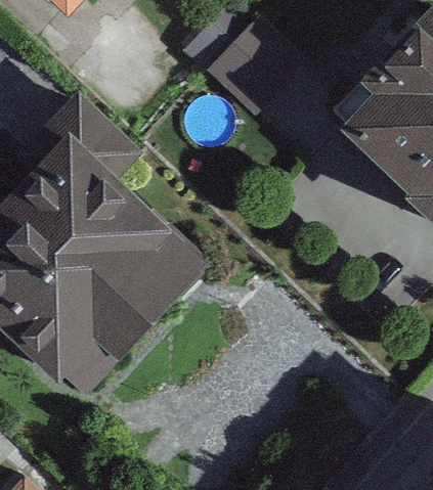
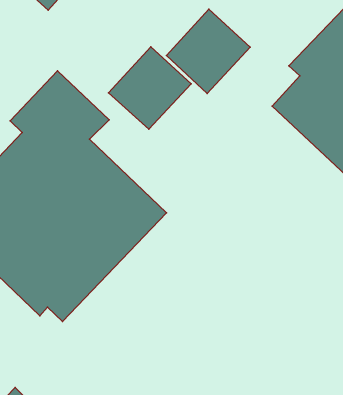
building: none -> [109,47,191,129]

